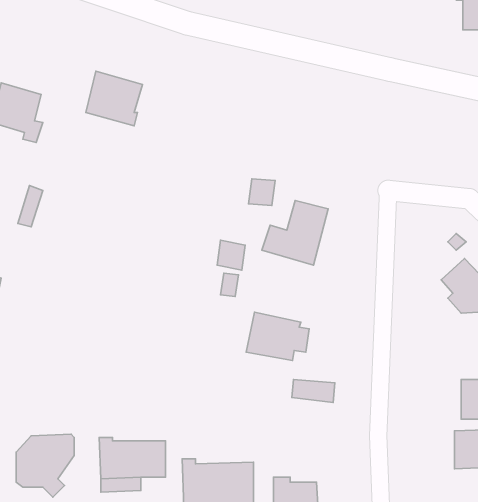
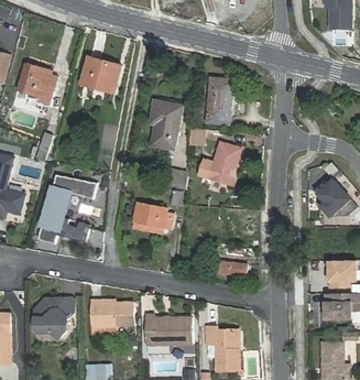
building: none -> [206,77,231,123]
building: none -> [149,99,182,149]
building: none -> [36,181,95,249]
building: [246,312,309,360] -> [131,202,173,234]

